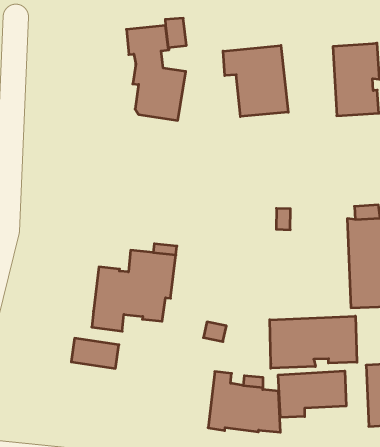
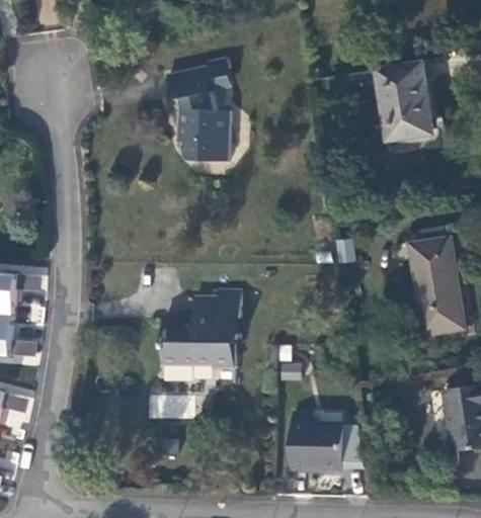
building: [223,45,288,117] -> none
building: [270,316,357,368] -> none
building: [278,371,346,417] -> none

